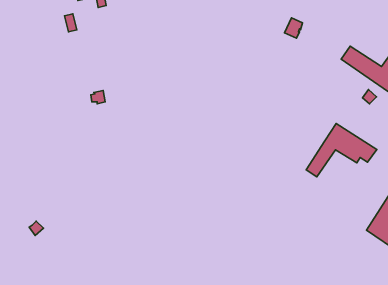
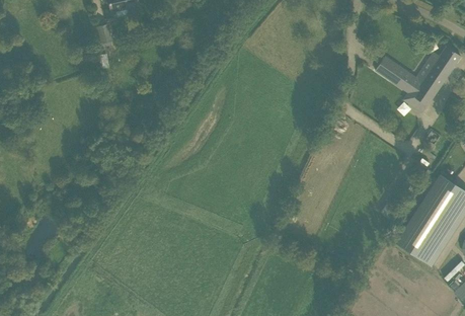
building: [306,124,377,177] -> none

